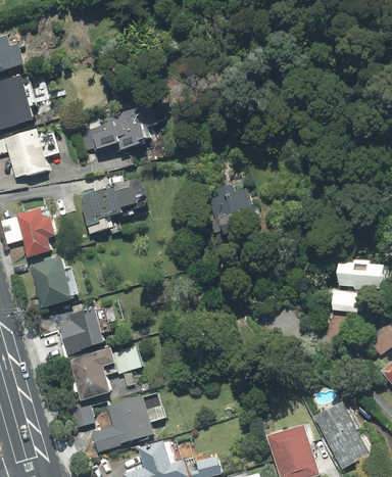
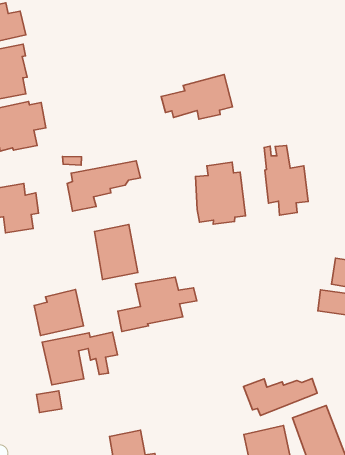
building: [86,104,155,149] -> [161,75,232,119]
building: none -> [264,145,308,215]
building: [28,252,72,307] -> [94,224,138,280]
building: none -> [244,379,317,416]
building: [89,396,164,452] -> [118,277,197,331]

